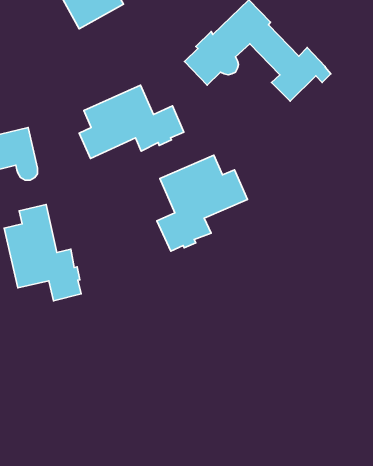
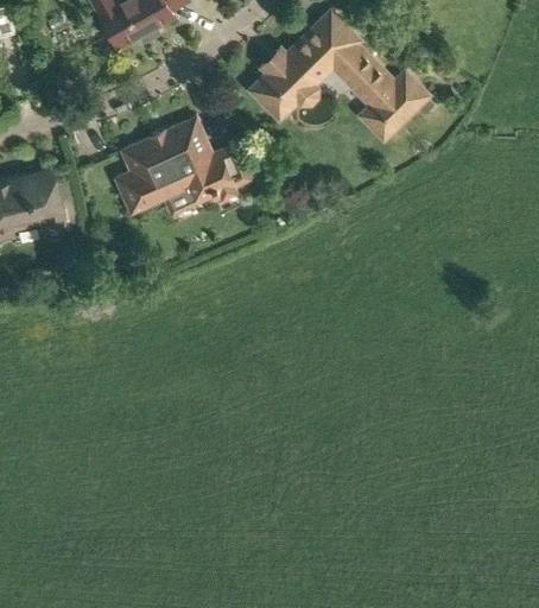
building: [157,155,248,251] -> none
building: [4,205,81,301] -> none

